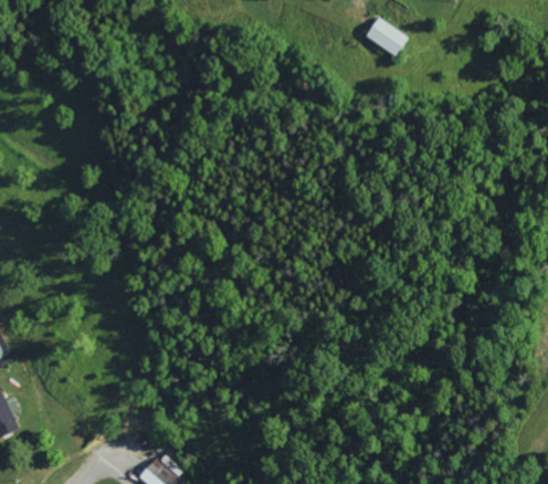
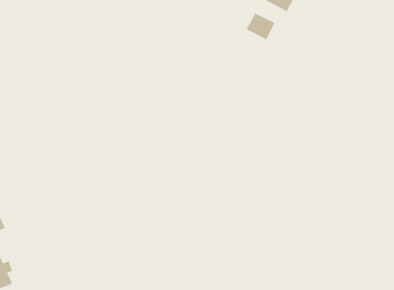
building: none -> [246,12,275,40]

